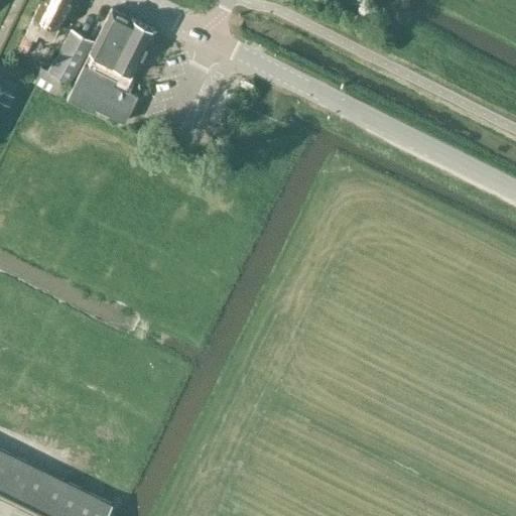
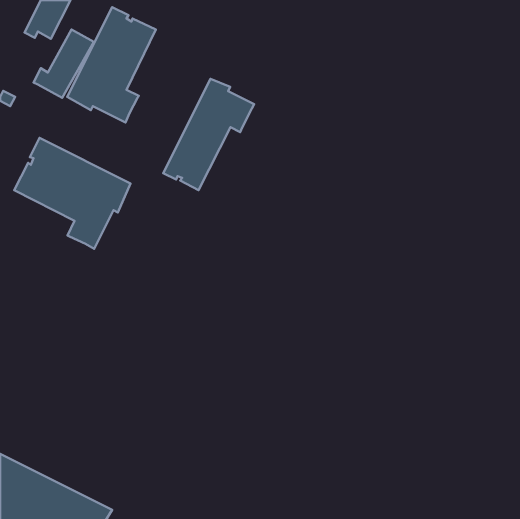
building: none -> [163,79,254,190]
building: none -> [14,138,131,249]

